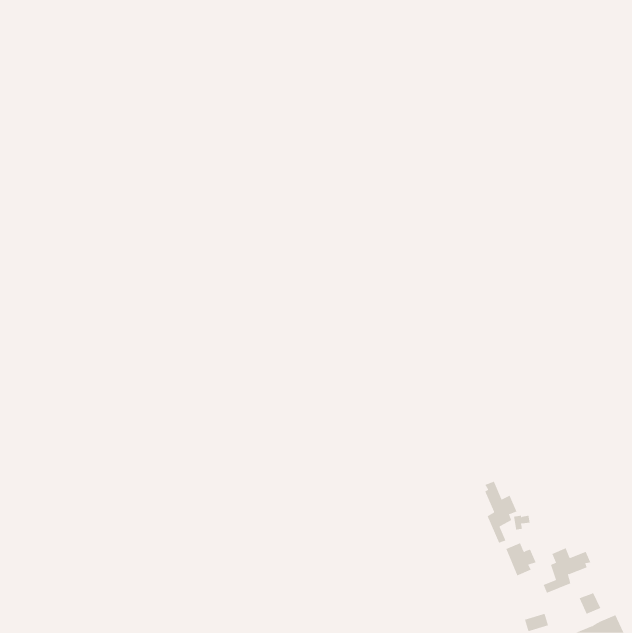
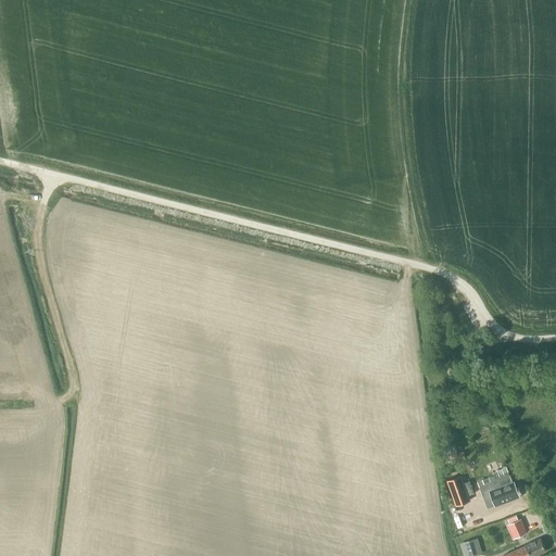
building: [484,481,517,544] -> none

